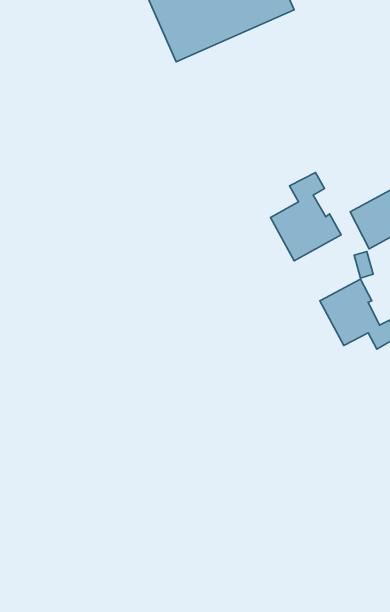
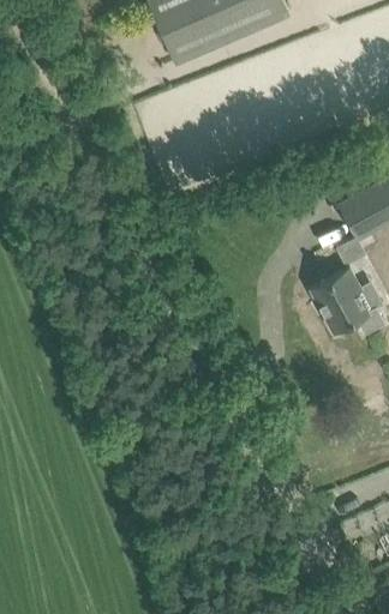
building: [271,173,341,261] -> none

